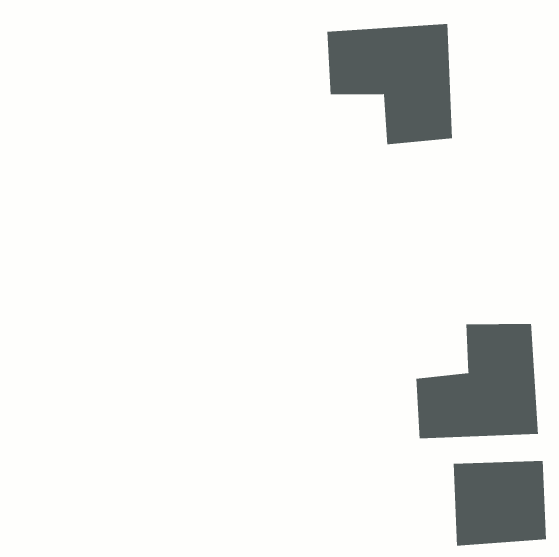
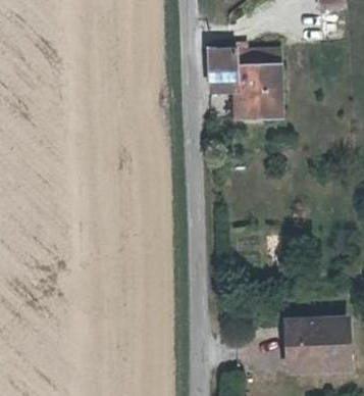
building: [416,323,539,439] -> none

